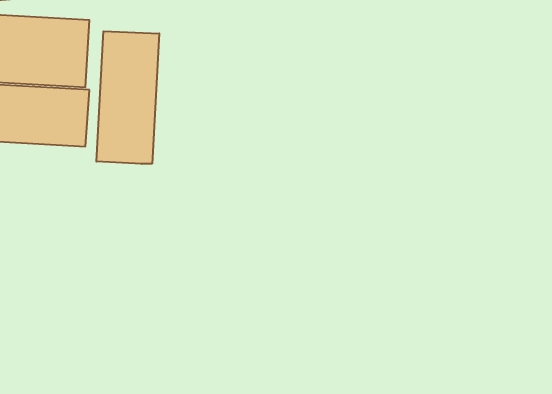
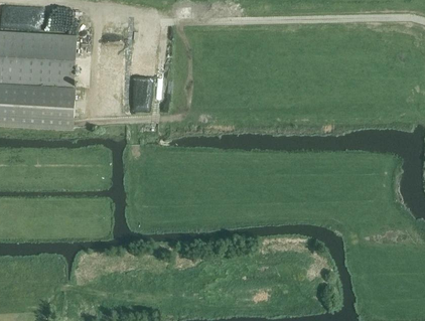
building: [96,31,159,164] -> none

